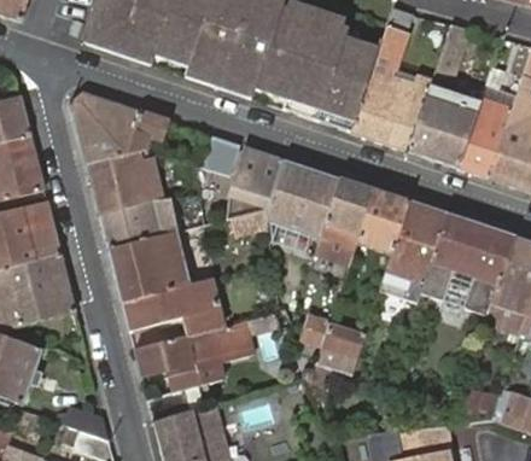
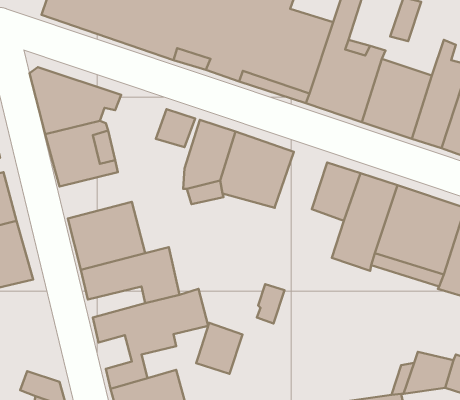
building: [320,181,373,246] -> none
building: [101,200,175,249] -> none
building: [316,321,363,373] -> [196,323,243,374]

